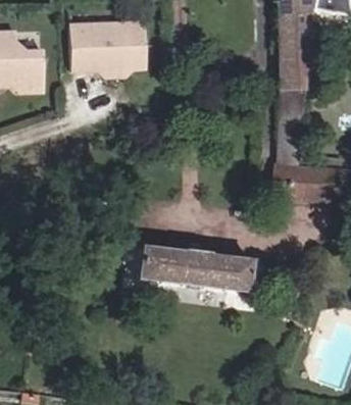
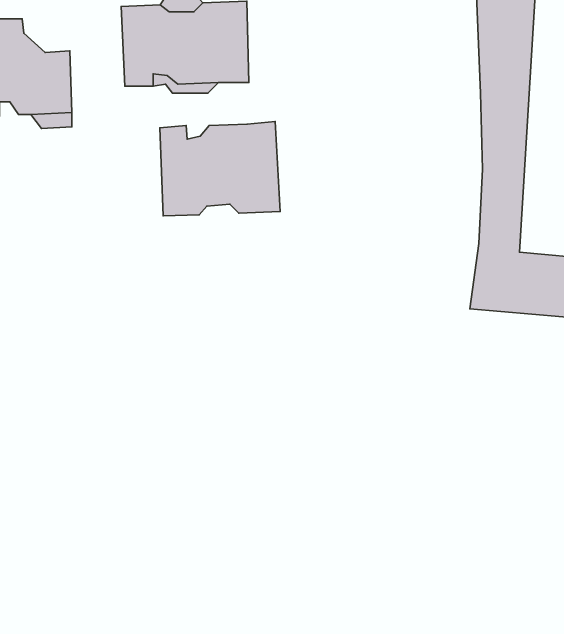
building: none -> [160,122,280,216]
building: [139,247,250,291] -> none

